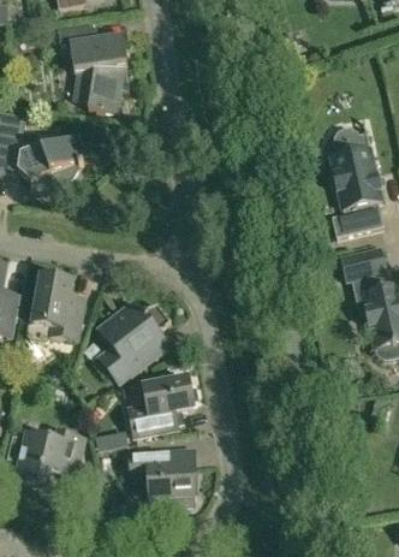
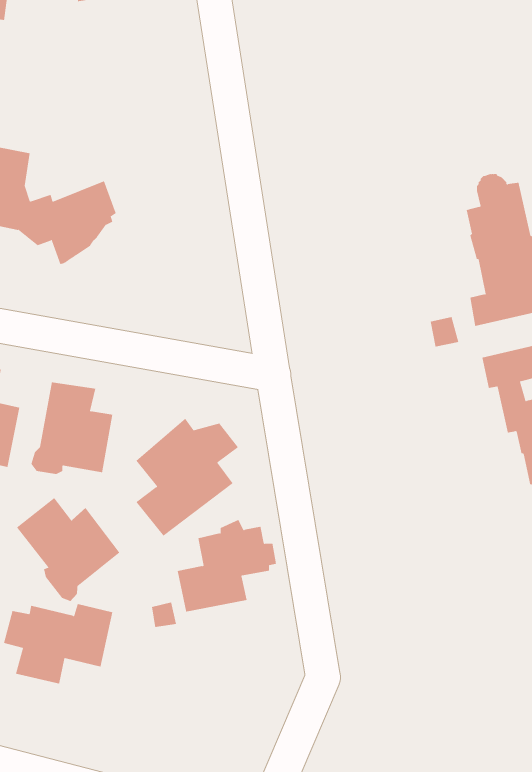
building: [56,22,127,111] -> none
building: none -> [16,497,120,602]
building: [127,449,196,504] -> none

